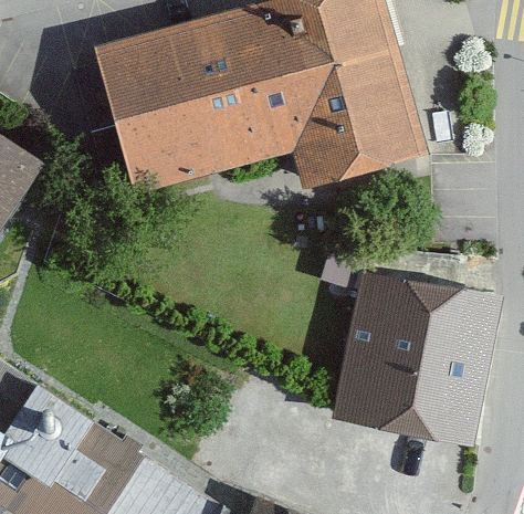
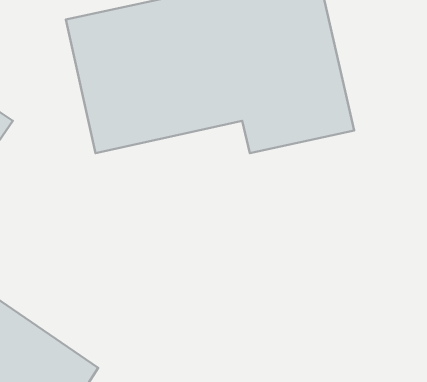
building: [331,280,490,424] -> none

